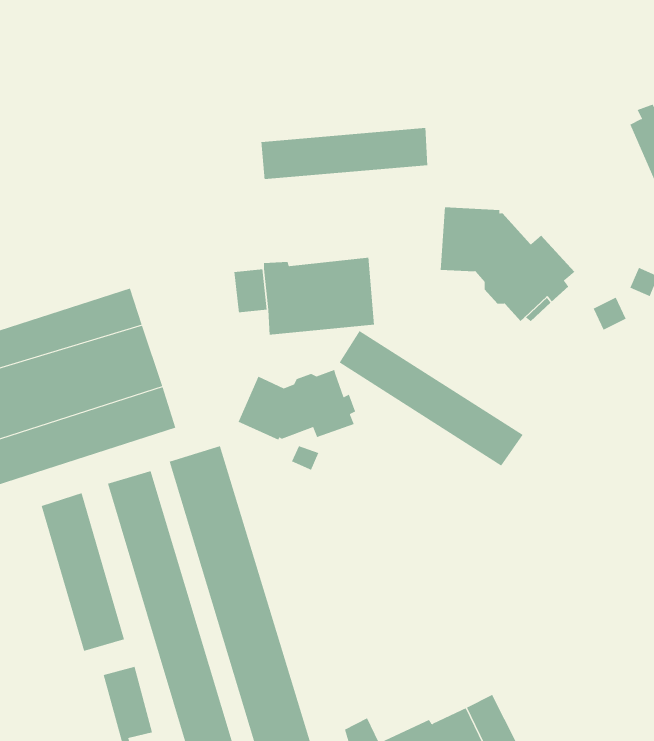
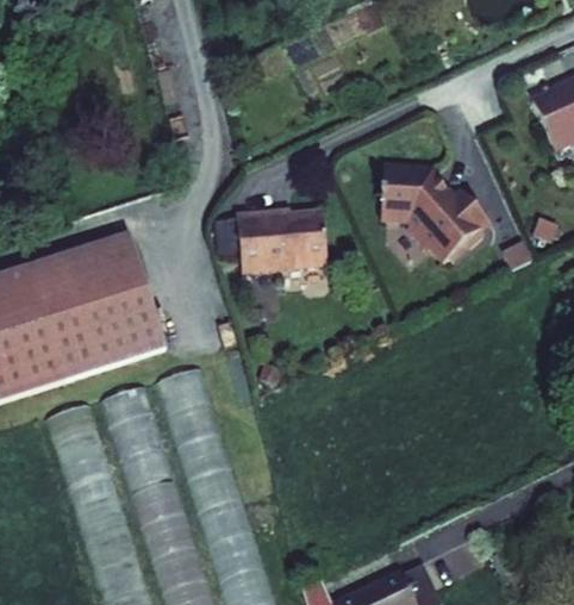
building: [261,127,428,180] -> none
building: [339,330,524,467] -> none
building: [238,369,356,440] -> none

